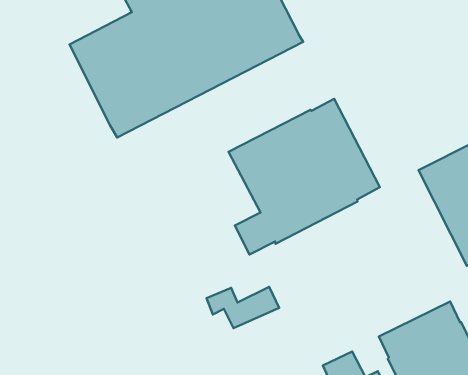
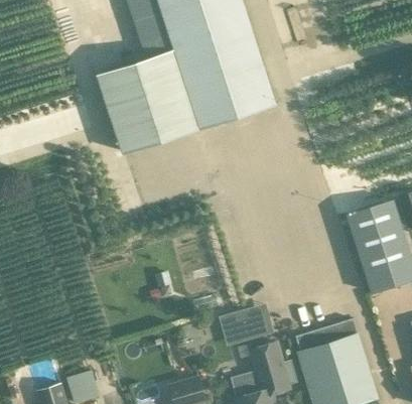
building: [229,99,380,255] -> none
building: [206,287,279,328] -> [219,314,273,346]

